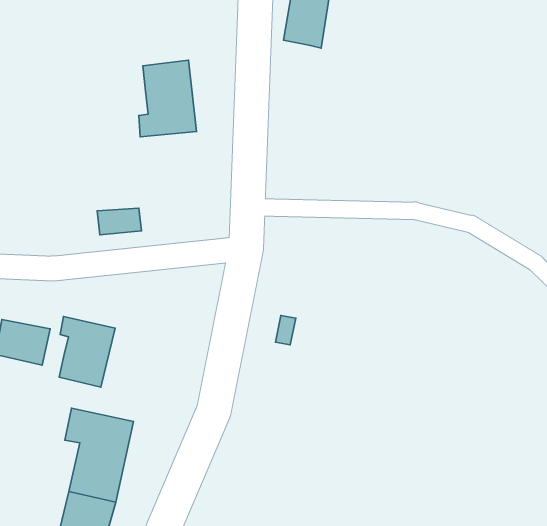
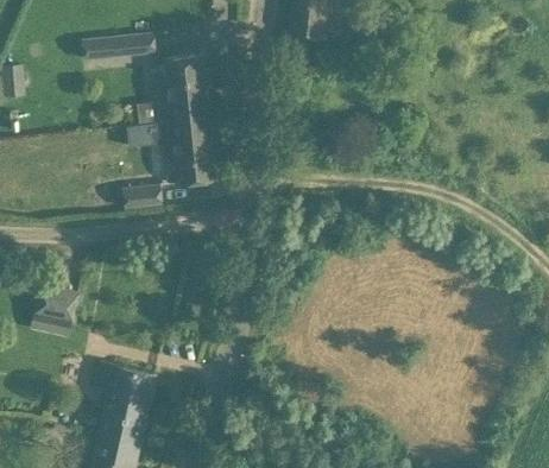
building: none -> [82,34,156,59]
building: none -> [128,118,219,184]
building: [59,317,115,387] -> none

